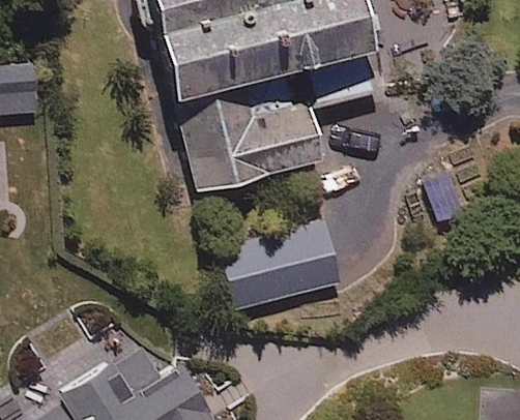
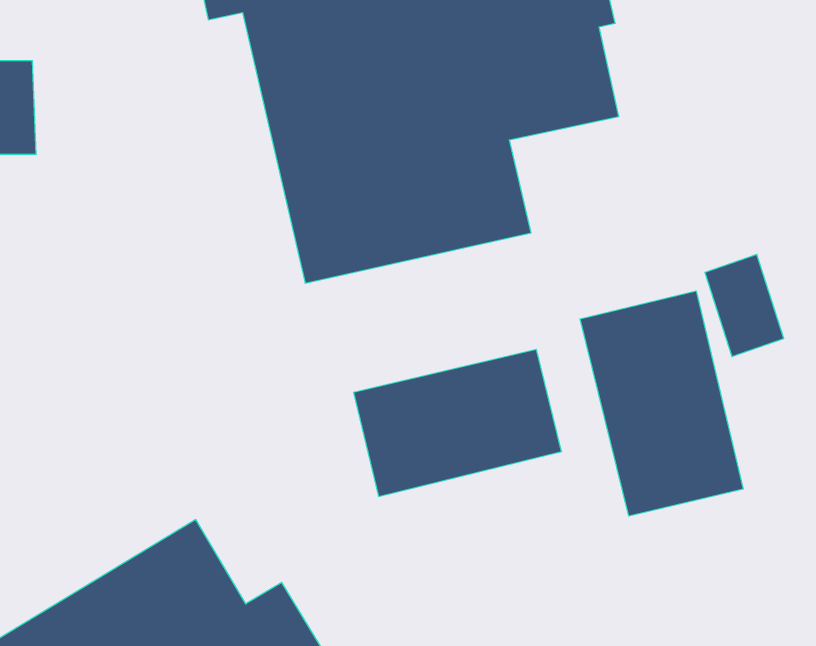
building: none -> [580,291,743,516]

